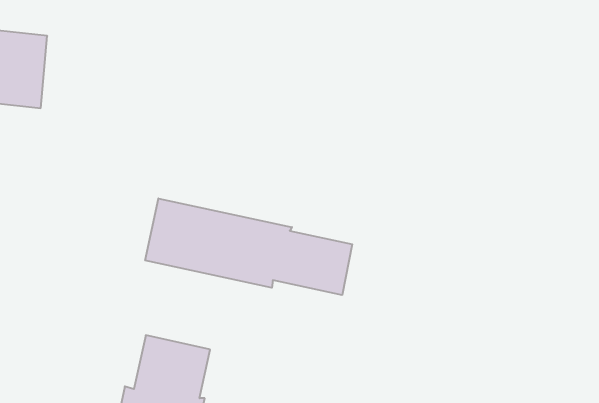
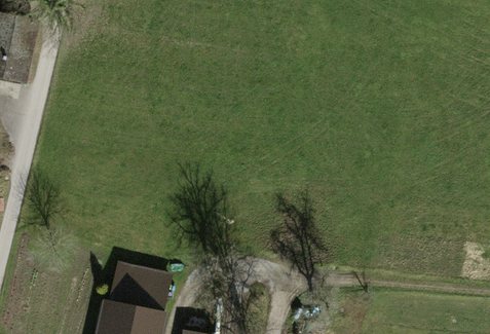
building: [145,198,352,295] -> none

